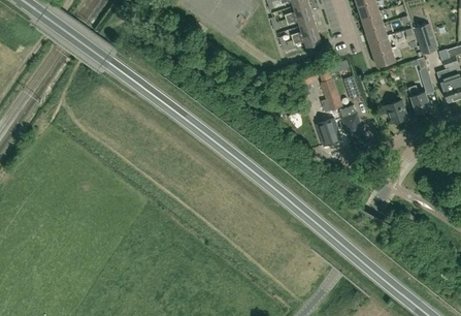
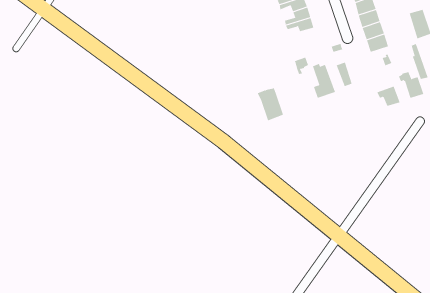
building: [340,106,363,137] -> none
building: [315,113,341,146] -> [257,88,284,121]

